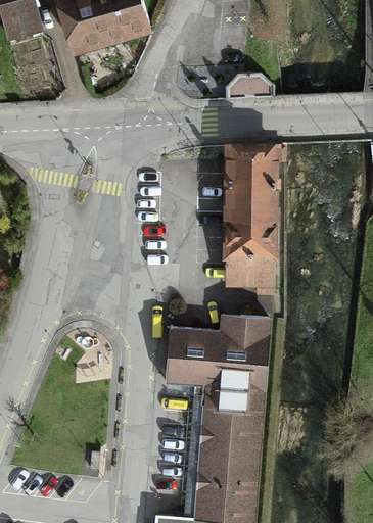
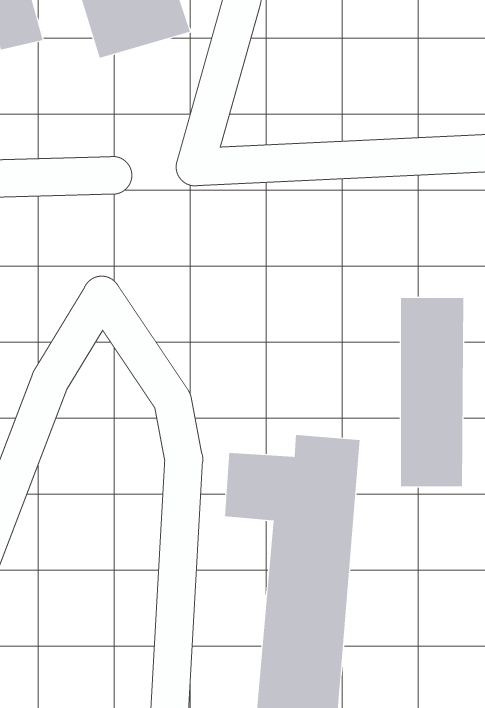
building: [229,143,276,282] -> [400,297,464,487]

